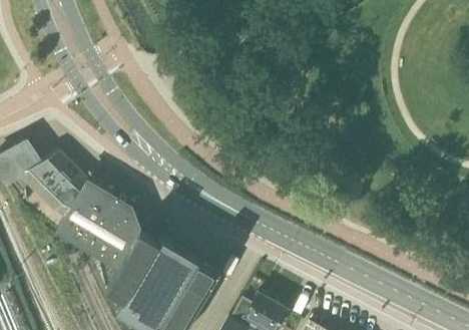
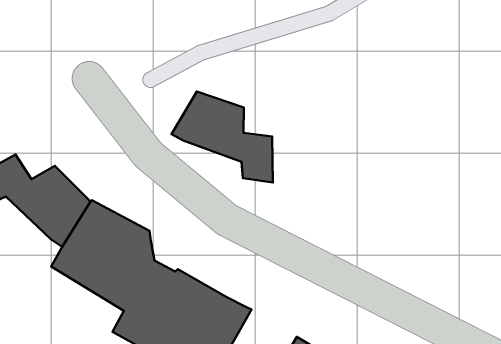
building: none -> [172,92,273,182]

